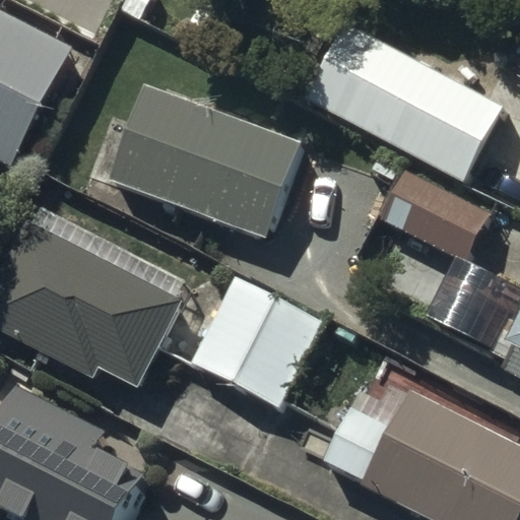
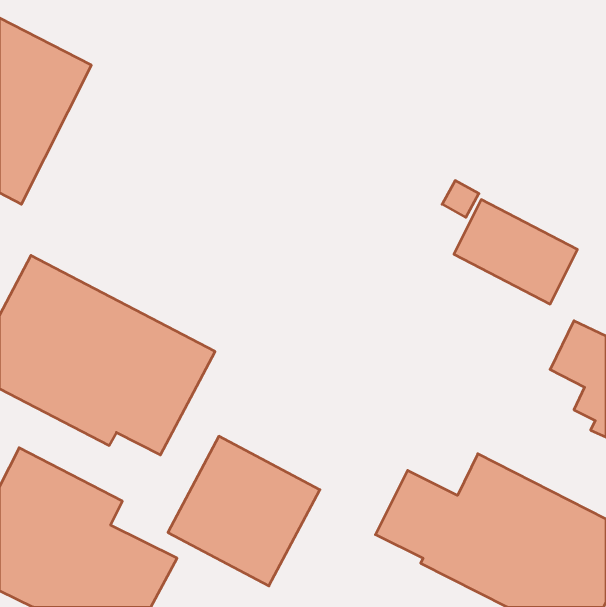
building: [307,22,497,174] -> none
building: [109,87,301,238] -> none
building: [189,276,319,404] -> [168,436,320,586]

